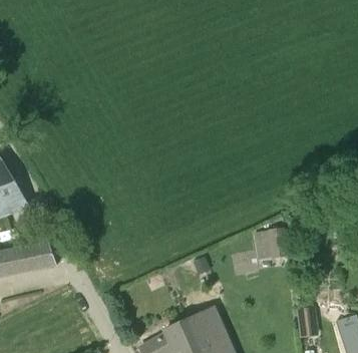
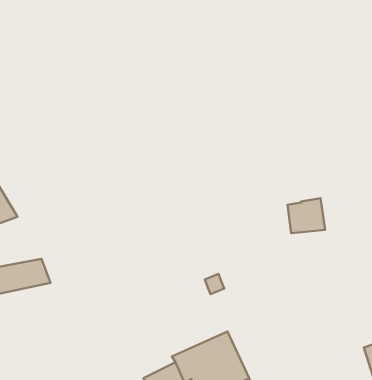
building: [255,228,288,259] -> [288,198,325,233]
building: [297,308,318,339] -> none

